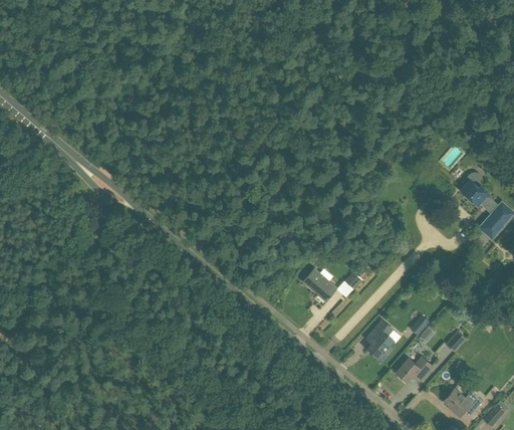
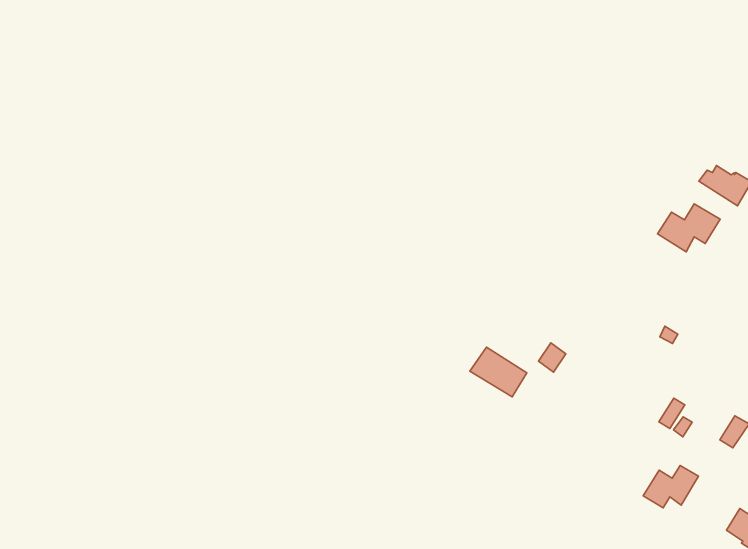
building: none -> [658,204,720,252]
building: [367,319,393,361] -> none

